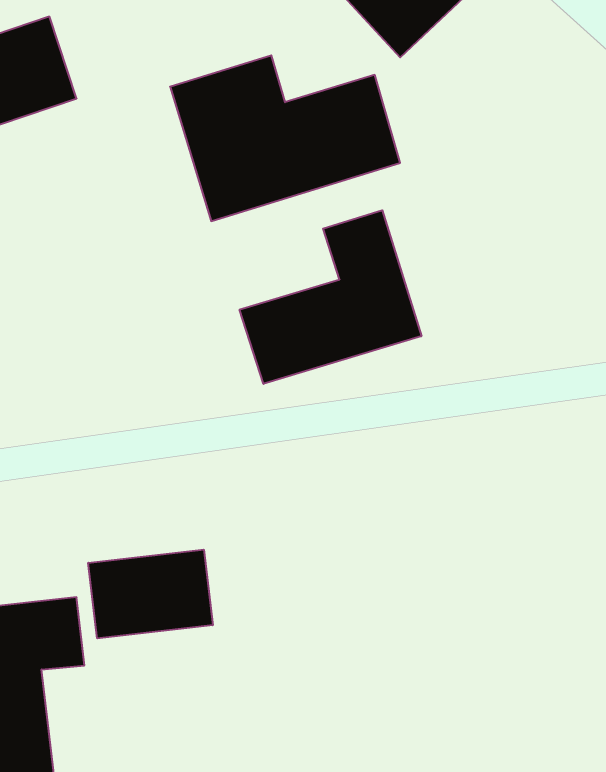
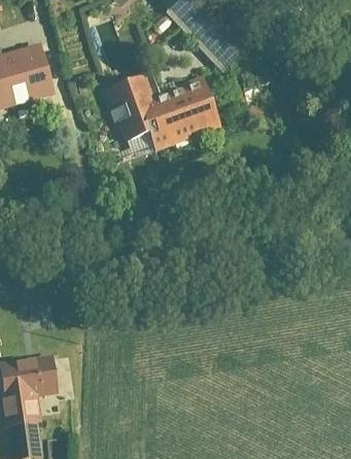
building: [240,210,421,384] -> none
building: [88,550,213,638] -> none

